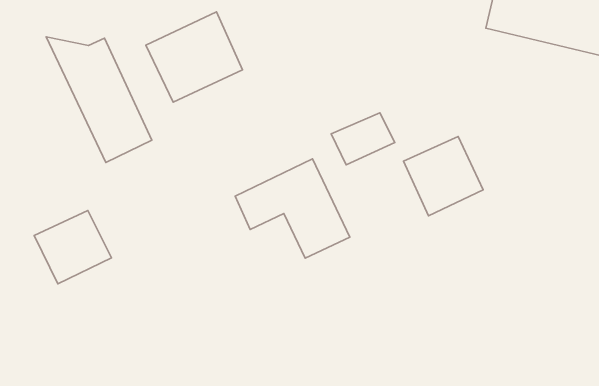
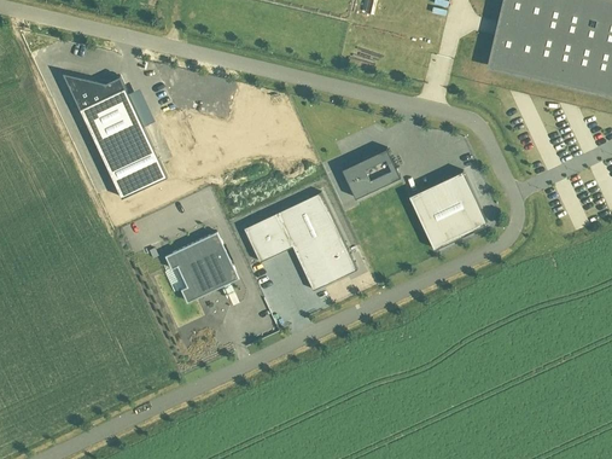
building: [146,12,242,102] -> none
building: [34,211,111,284] -> [163,232,238,303]

